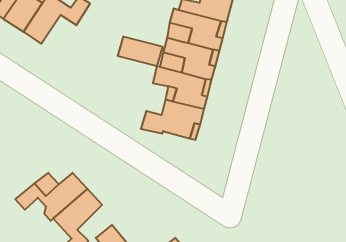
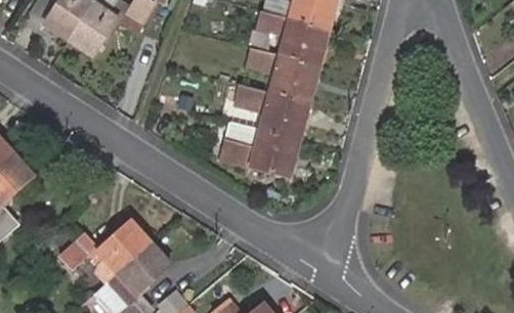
building: [118,36,162,66] -> none

